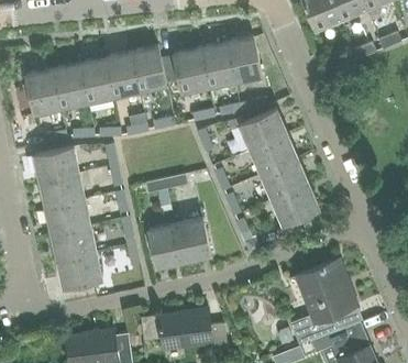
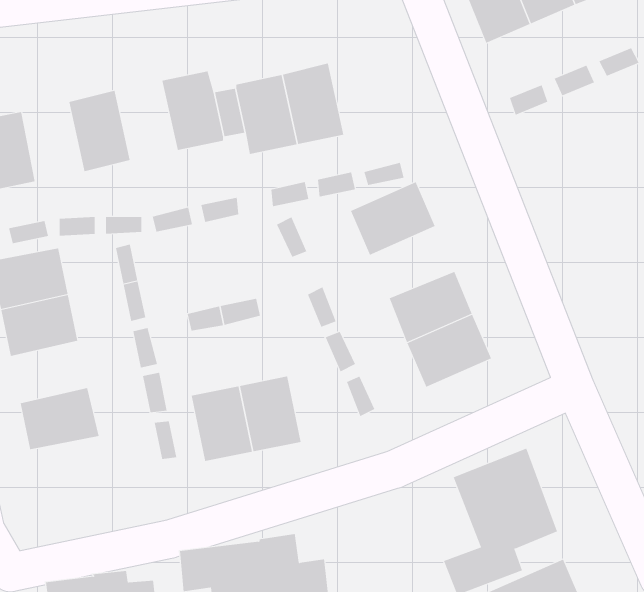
building: [227,36,262,82] -> none
building: [106,52,141,97] -> none
building: [53,64,88,109] -> none
building: [250,134,298,175] -> none
building: [46,199,90,234] -> none
building: [57,253,102,288] -> none

